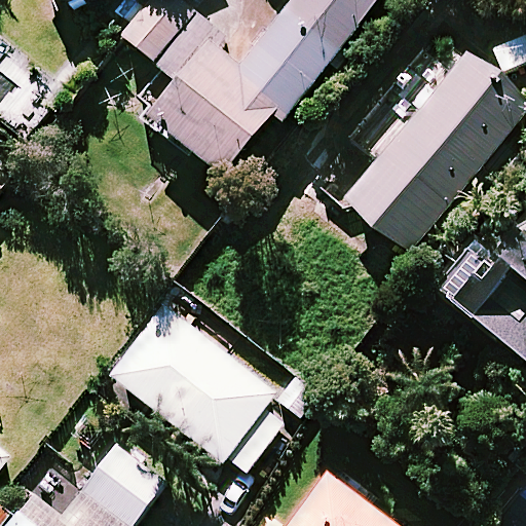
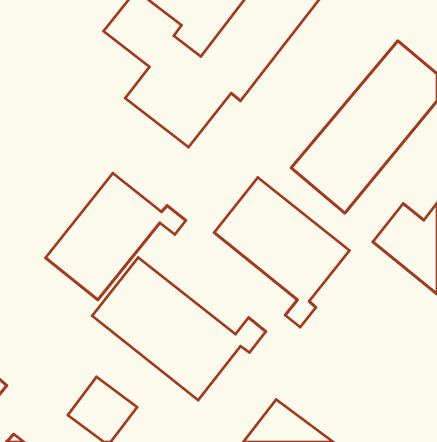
building: none -> [45,173,186,300]
building: none -> [214,178,350,327]

